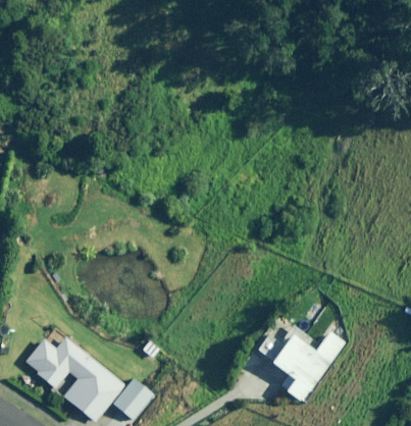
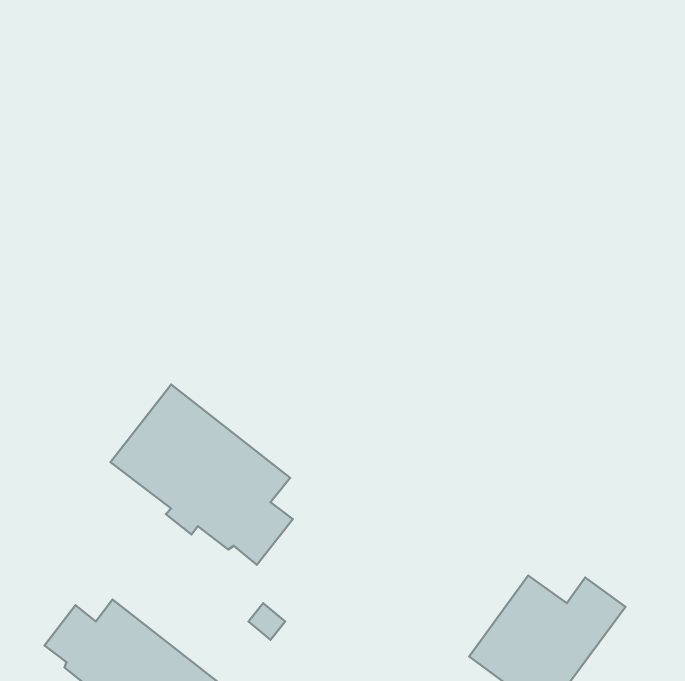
building: none -> [111,385,293,565]

